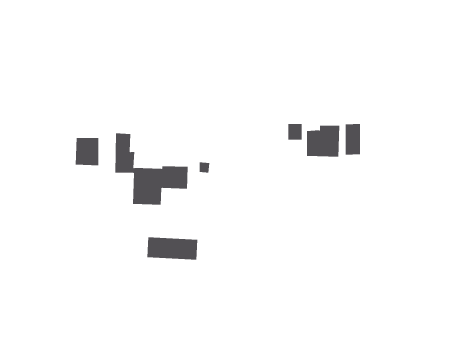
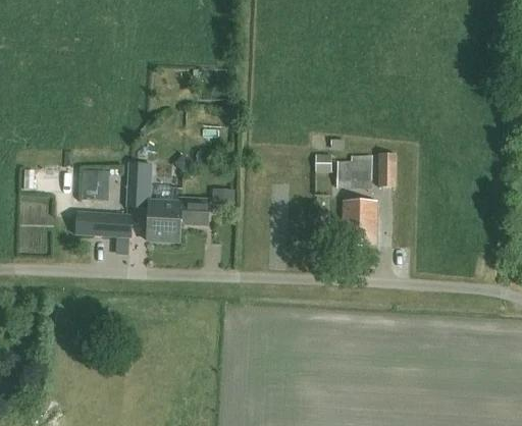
building: none -> [342,200,376,245]
building: [147,237,198,260] -> [76,211,133,236]

